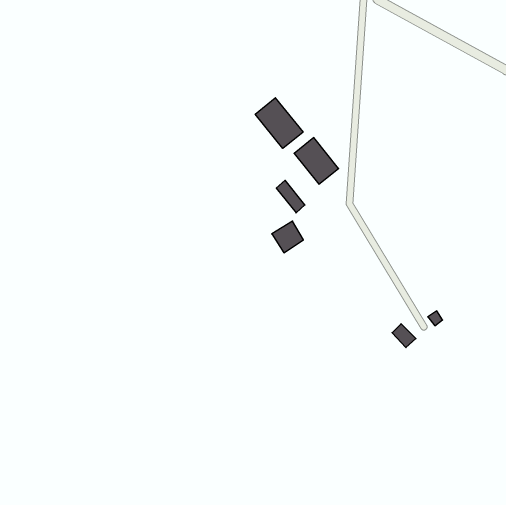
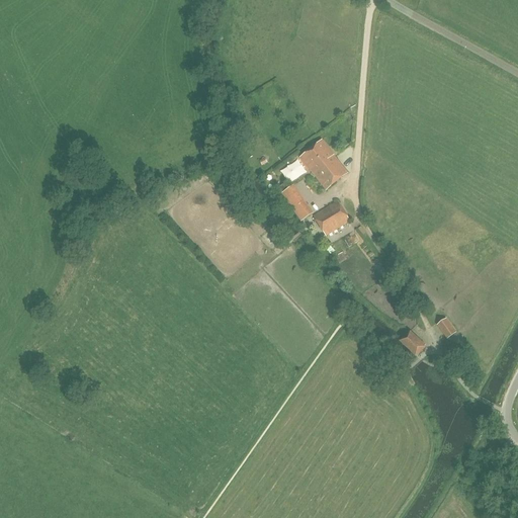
building: [255,98,303,148] -> none
building: [272,221,303,253] -> [316,201,348,234]

